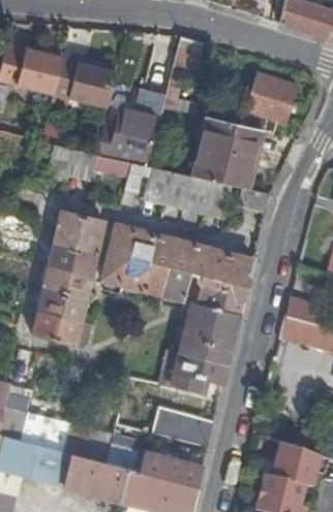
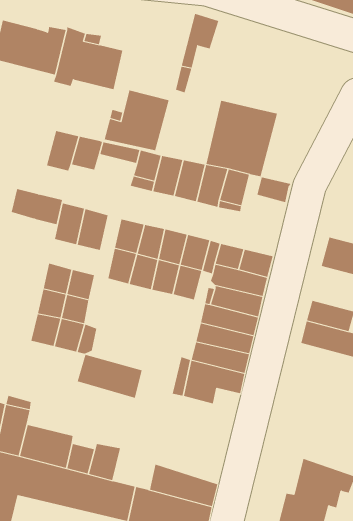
building: [241,73,297,131] -> none
building: [49,243,96,276] -> [11,189,63,225]
building: [151,405,211,445] -> [77,354,142,398]

